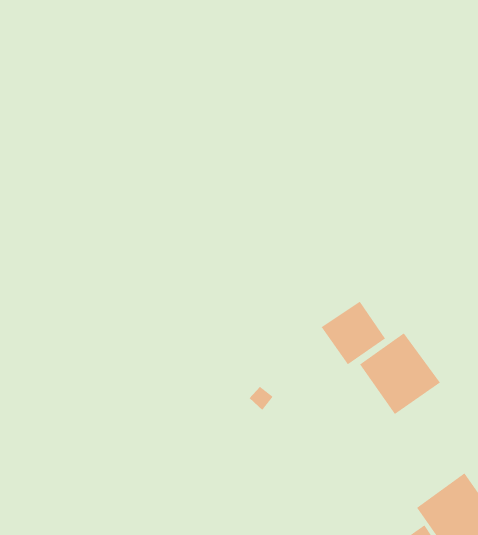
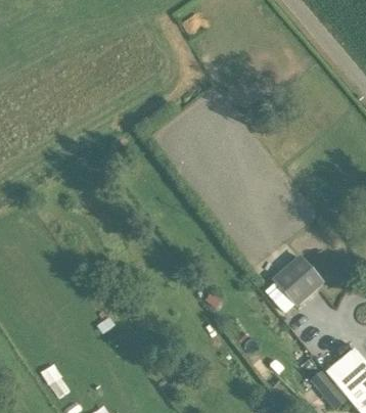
building: [321,301,386,365] -> none

